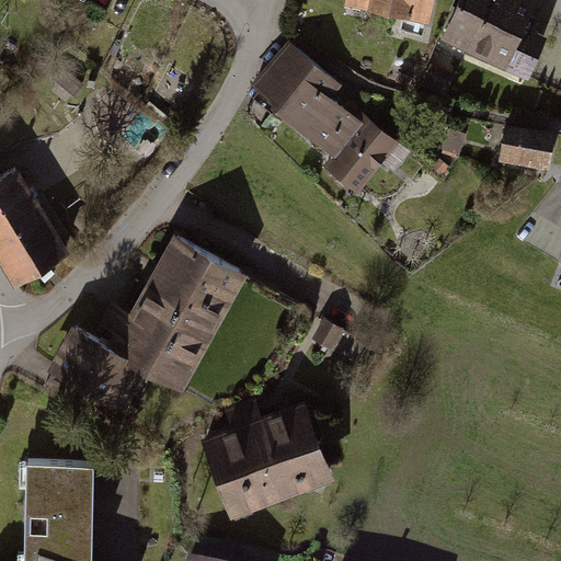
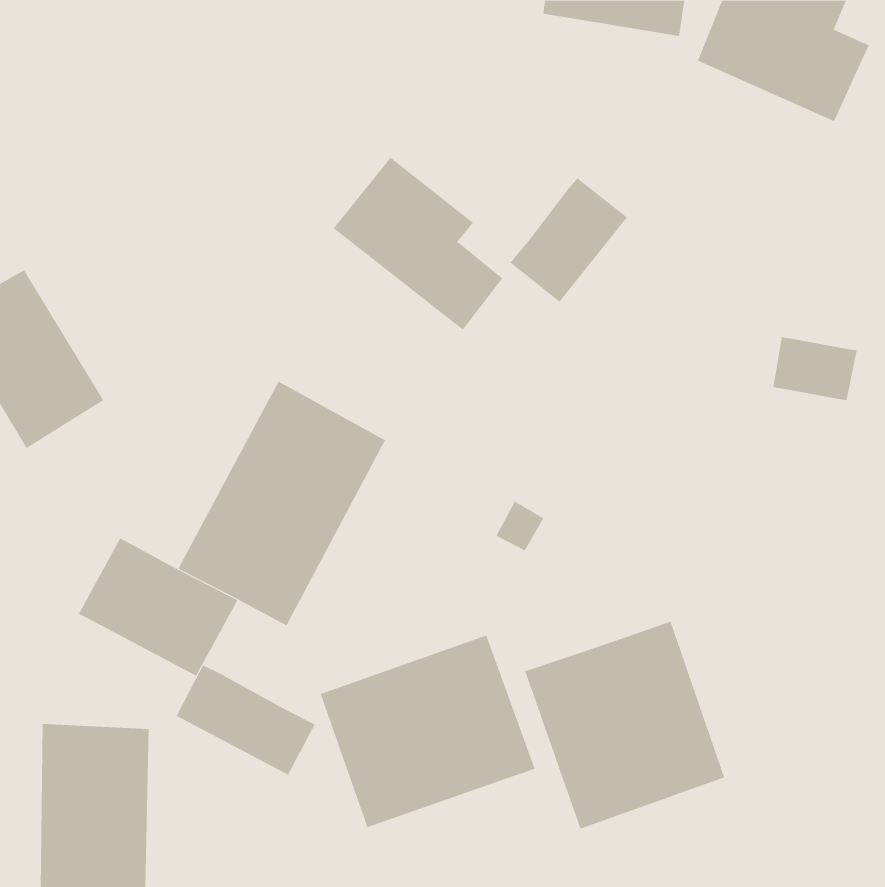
building: [250,44,357,153] -> [333,157,503,331]
building: [497,125,551,165] -> [772,337,858,401]
building: none -> [525,621,725,829]
building: none -> [176,665,315,775]

